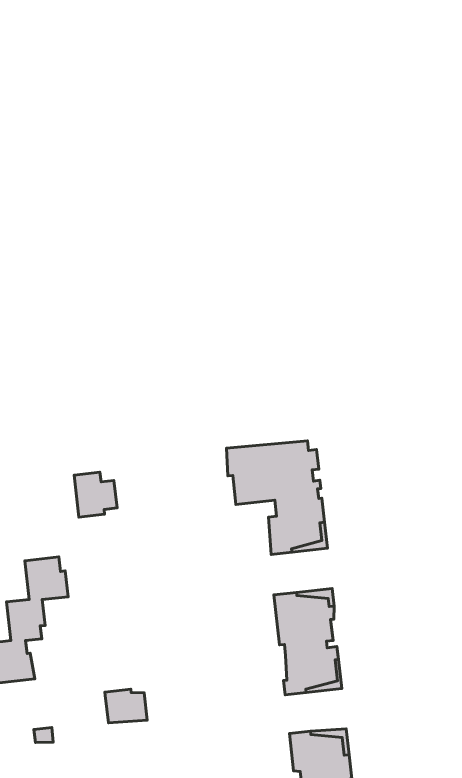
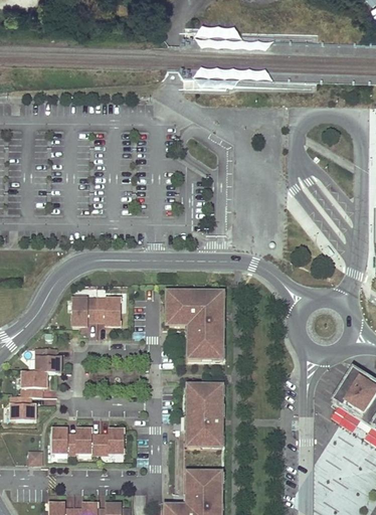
building: none -> [96,298,121,324]
building: none -> [100,434,124,454]
building: none -> [51,433,75,453]

